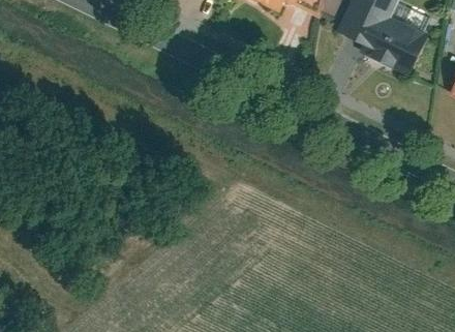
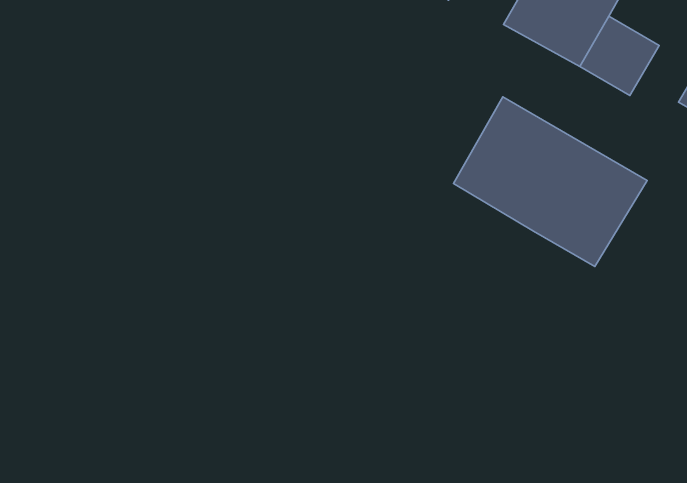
building: none -> [453,97,647,267]

